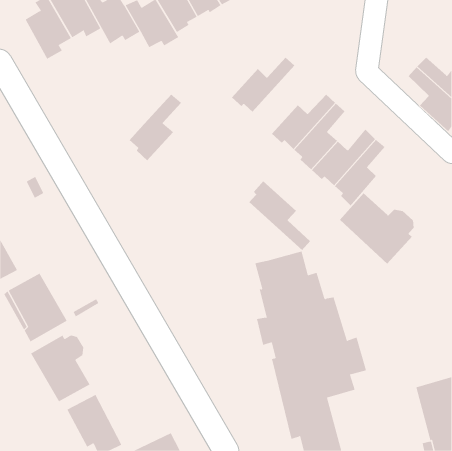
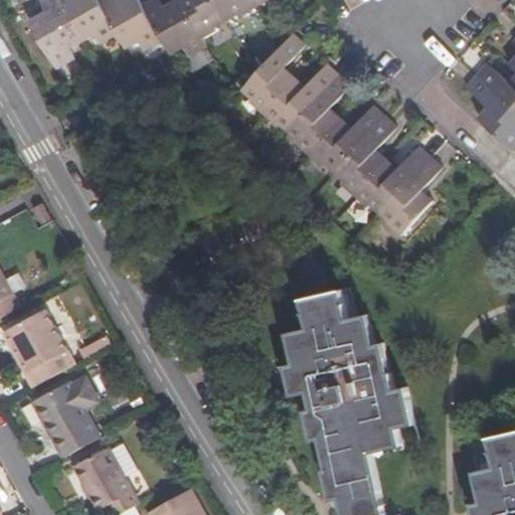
building: none -> [287,74,346,152]
building: [129,94,182,161] -> [241,34,302,111]
building: [249,181,311,251] -> none
building: [339,192,414,265] -> none

